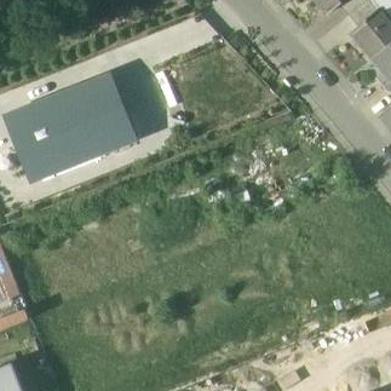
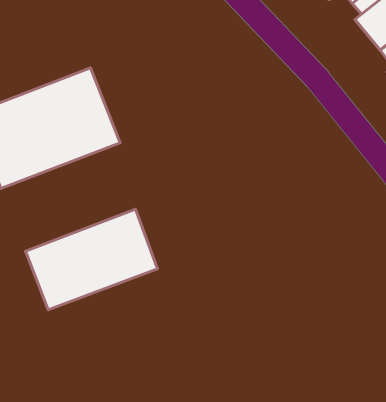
building: none -> [25,209,157,310]

